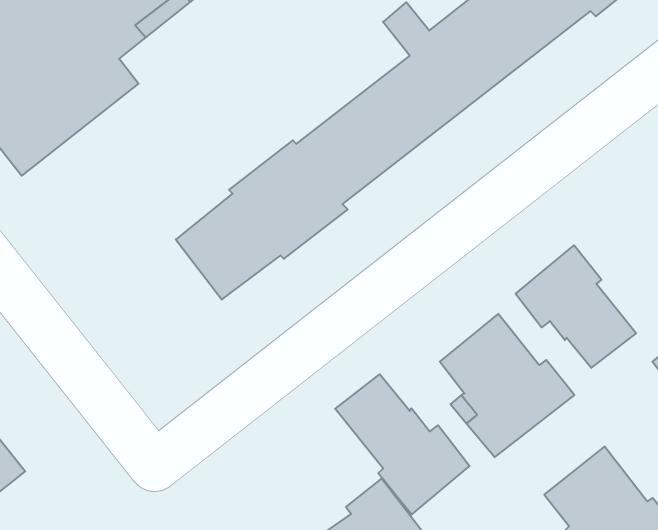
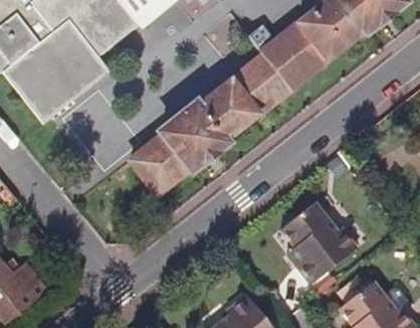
building: [516,245,636,368] -> none
building: [335,374,470,515] -> none

